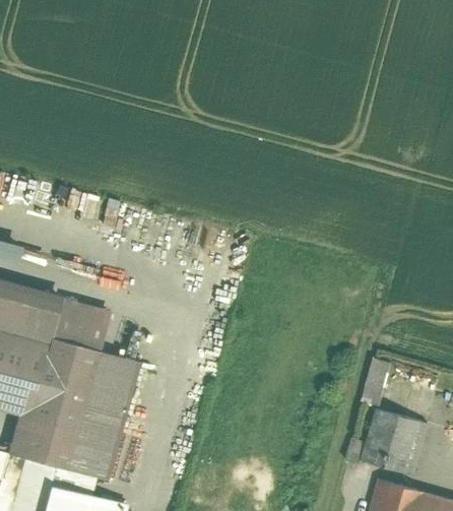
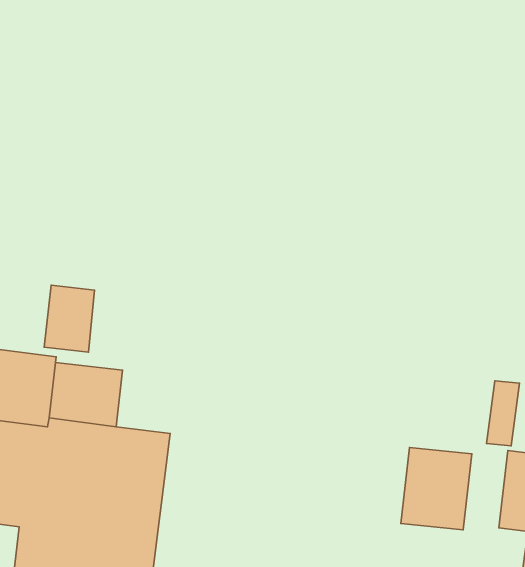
building: none -> [44,285,94,352]
building: none -> [401,448,472,530]

